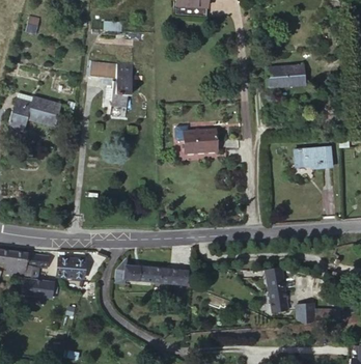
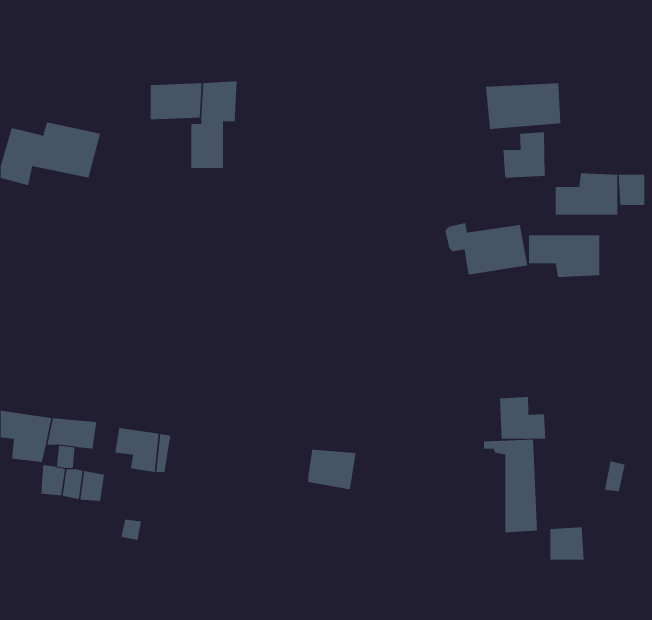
building: none -> [503,132,545,179]
building: none -> [555,172,618,215]
building: [171,133,216,161] -> [444,223,528,275]
building: none -> [499,396,546,439]
building: [129,263,171,281] -> none

